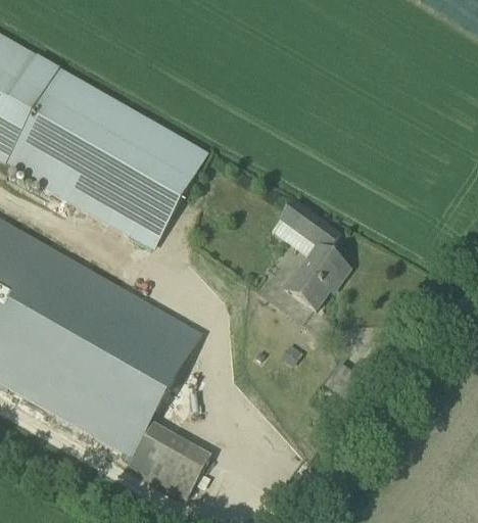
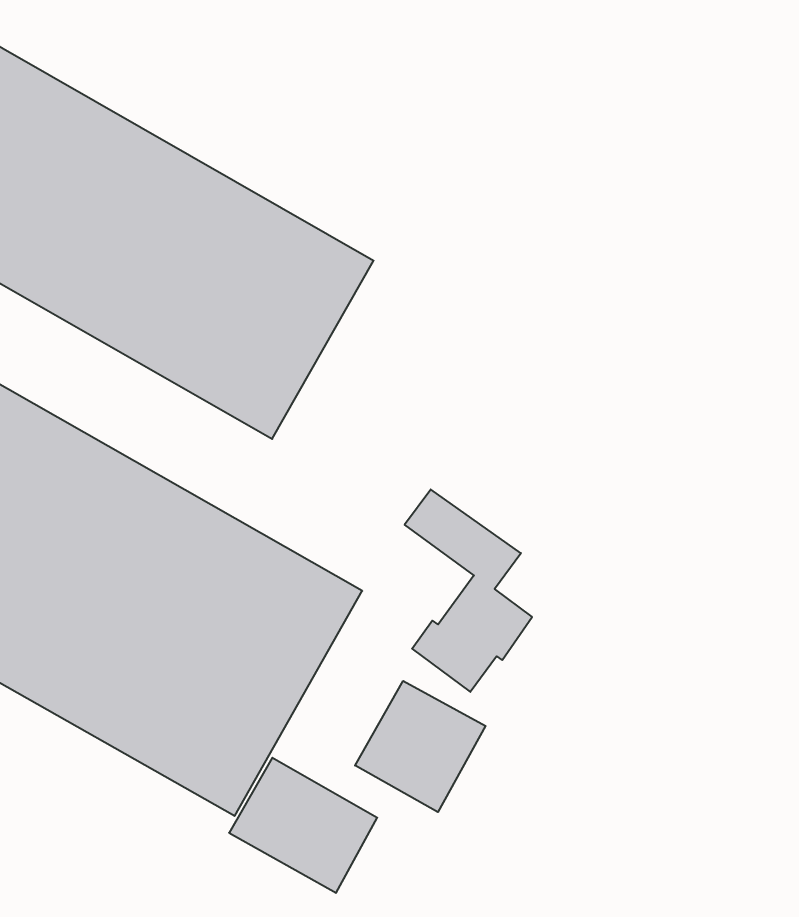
building: [277,198,346,308] -> [405,489,532,692]
building: none -> [355,681,486,812]

